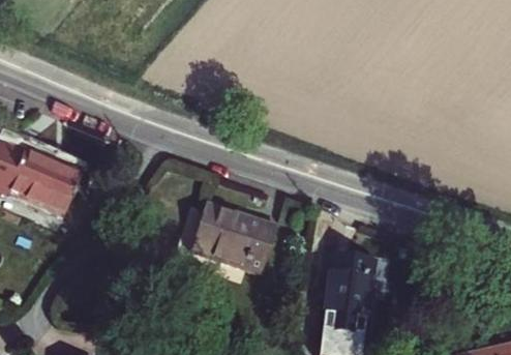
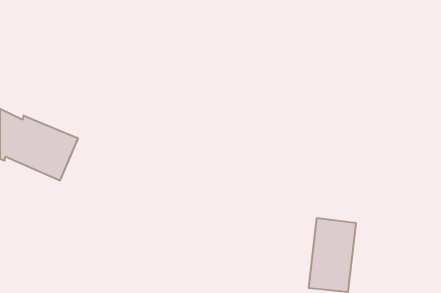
building: [188,202,275,272] -> none

